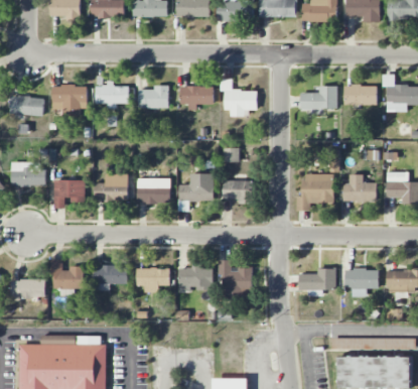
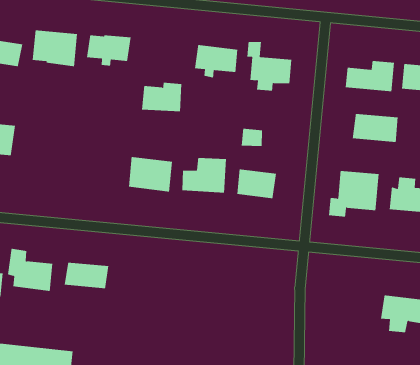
building: [138,86,169,109] -> [141,82,182,112]
building: none -> [352,113,398,143]
building: [94,174,128,202] -> none
building: [53,180,85,208] -> none
building: [220,260,253,296] -> none
building: [178,266,213,292] -> none
building: [136,268,170,293] -> none
building: [299,269,336,290] -> none

